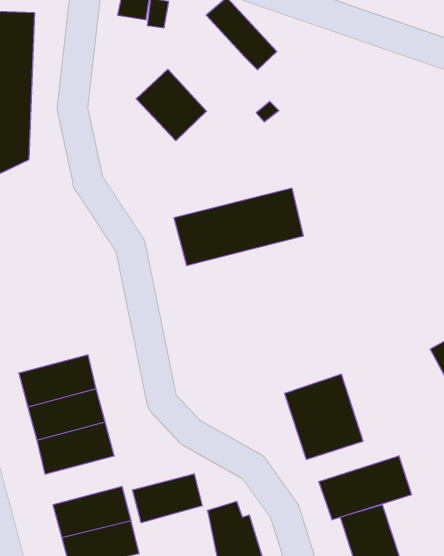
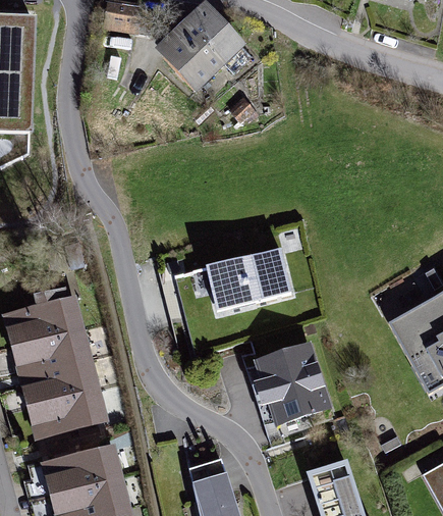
building: [136,69,207,141] -> [159,21,222,86]
building: [174,188,303,266] -> [174,247,290,316]
building: none -> [11,288,81,343]
building: [319,456,411,520] -> none
building: [133,474,202,523] -> none

